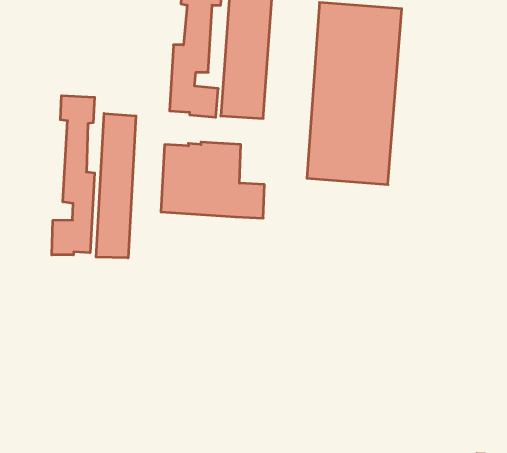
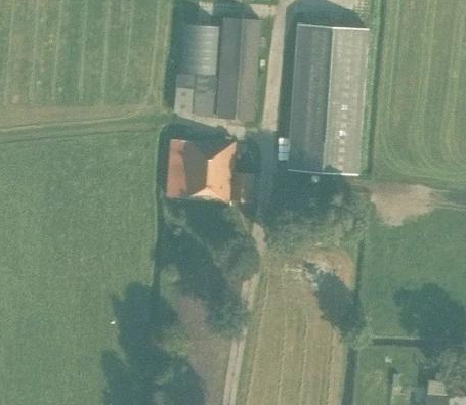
building: [52,96,95,255] -> none
building: [96,113,136,258] -> none

